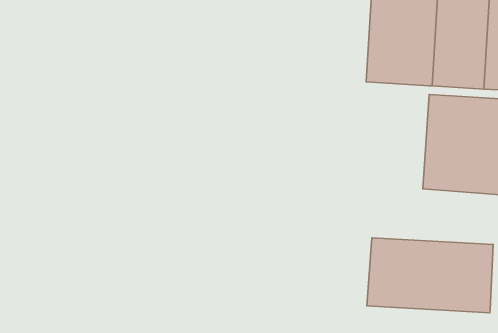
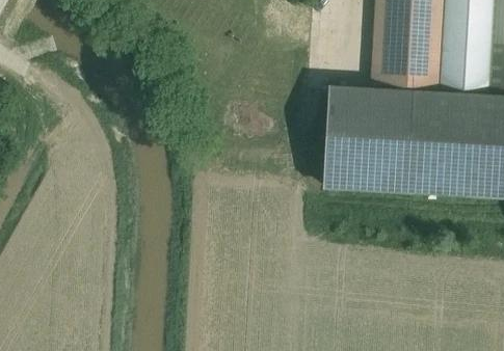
building: none -> [326,84,434,190]
building: [367,238,493,313] -> none

